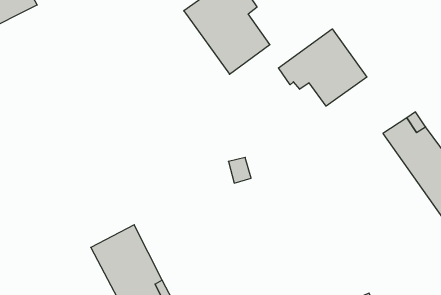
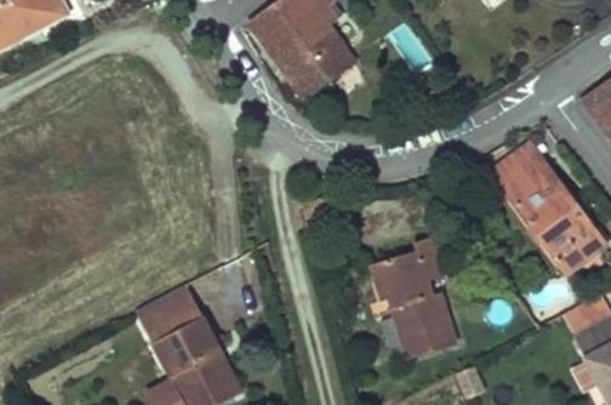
building: [278,29,367,106] -> none
building: none -> [371,238,456,363]

